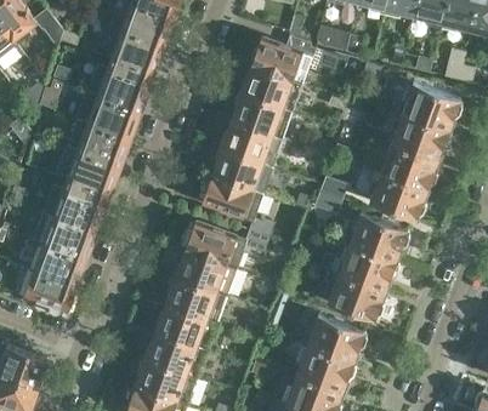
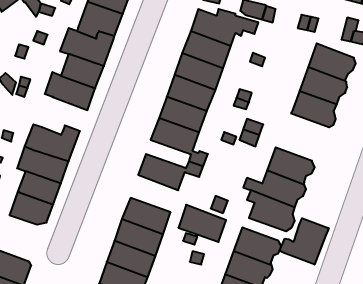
building: [61,145,120,198] -> none
building: [368,170,427,218] -> none
building: [175,249,236,296] -> [178,205,226,242]
building: none -> [279,218,329,265]

